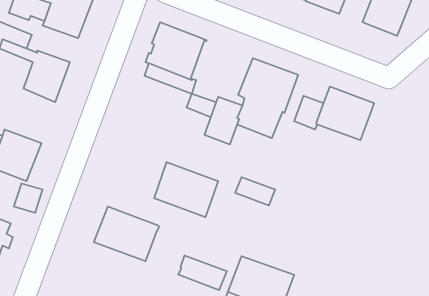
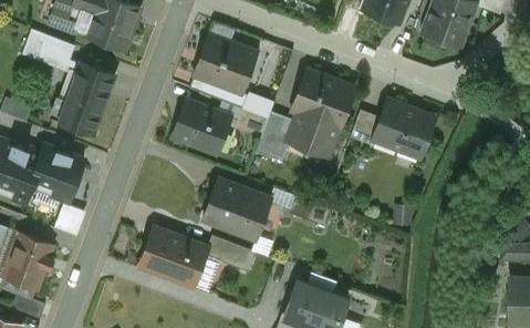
building: none -> [52,100,97,133]
building: none -> [173,101,231,153]
building: [178,255,227,290] -> [206,235,257,271]

